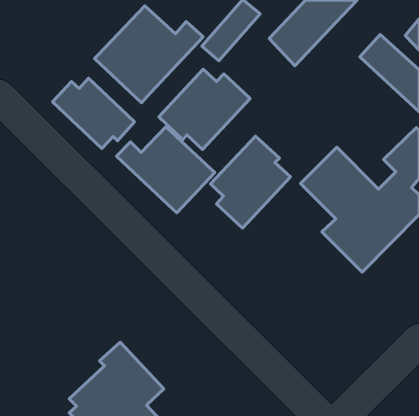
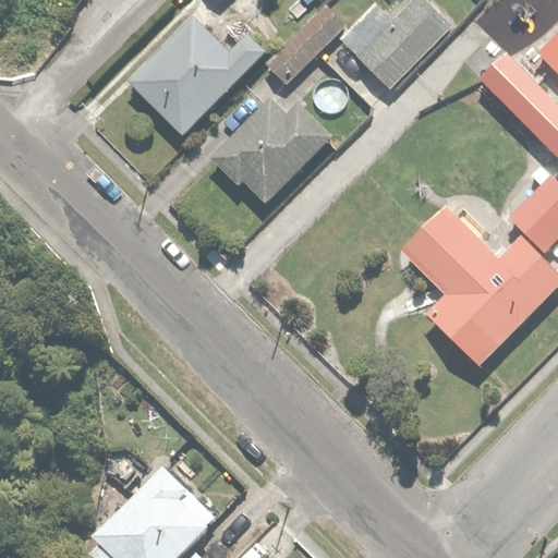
building: [52,78,135,148] -> none
building: [116,127,215,213] -> none
building: [211,136,290,228] -> none

